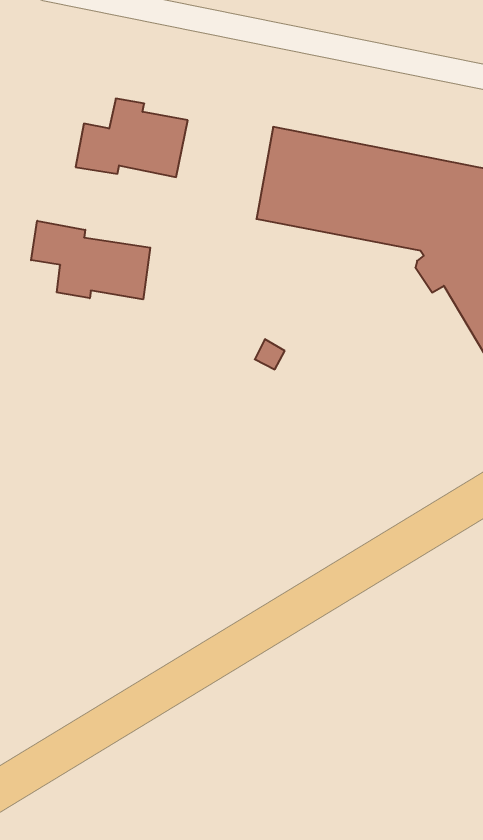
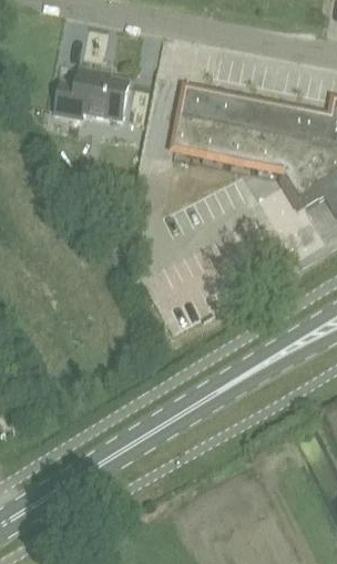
building: [31,221,150,299] -> none

